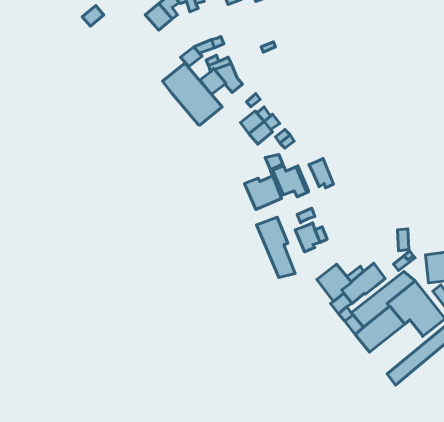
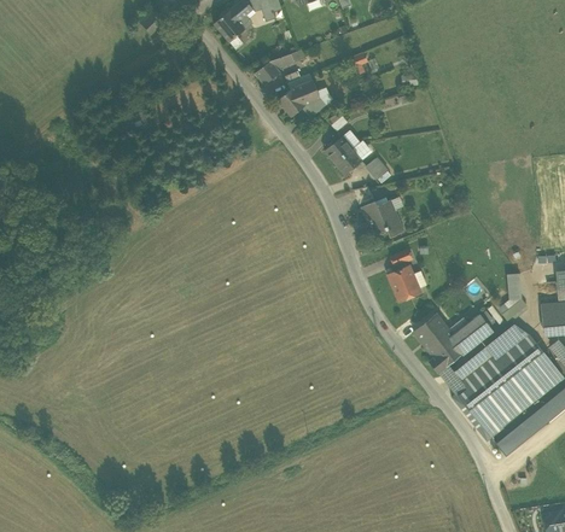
building: [163,63,222,125] -> none
building: [309,158,334,188] -> none
building: [245,176,282,209] -> none
building: [256,217,295,277] -> none
building: none -> [476,380,537,438]

